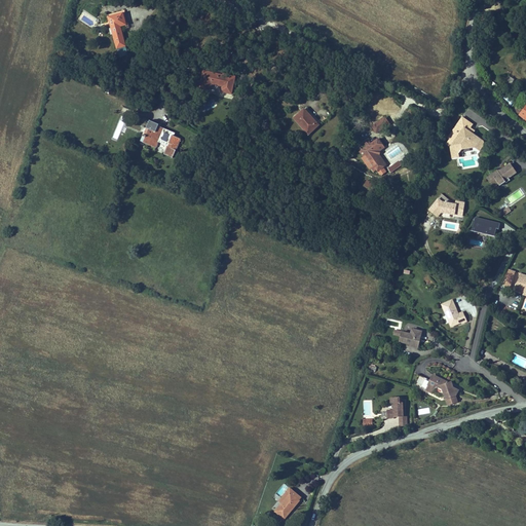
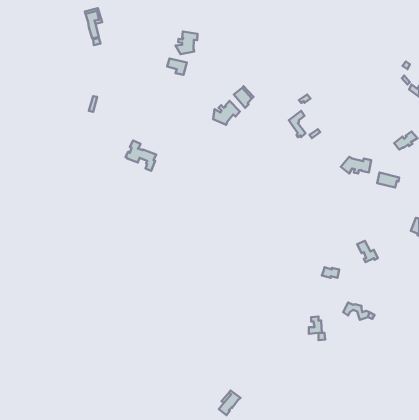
building: none -> [176,31,197,54]
building: [448,115,486,155] -> none
building: [139,120,177,158] -> [126,140,156,171]
building: none -> [213,101,240,125]

